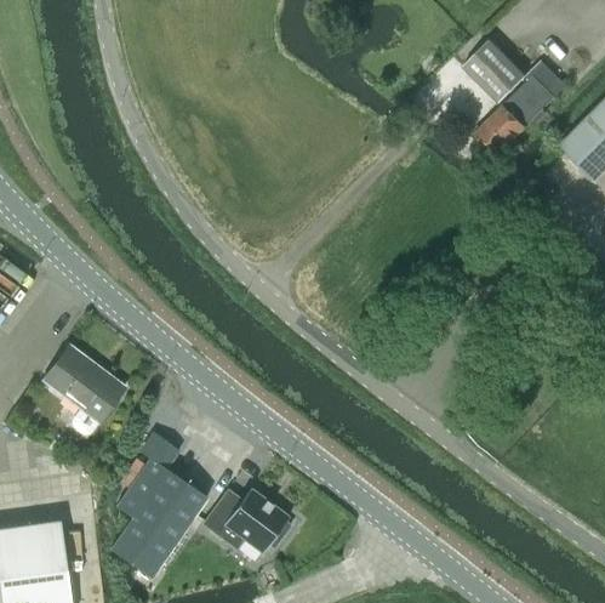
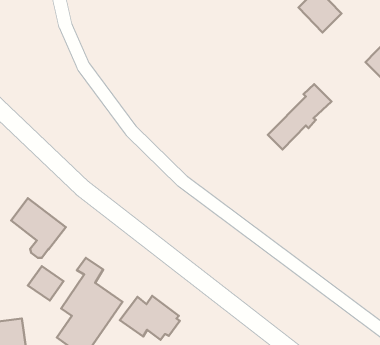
building: [474,61,567,157] -> [268,84,332,150]
building: none -> [28,266,64,301]

